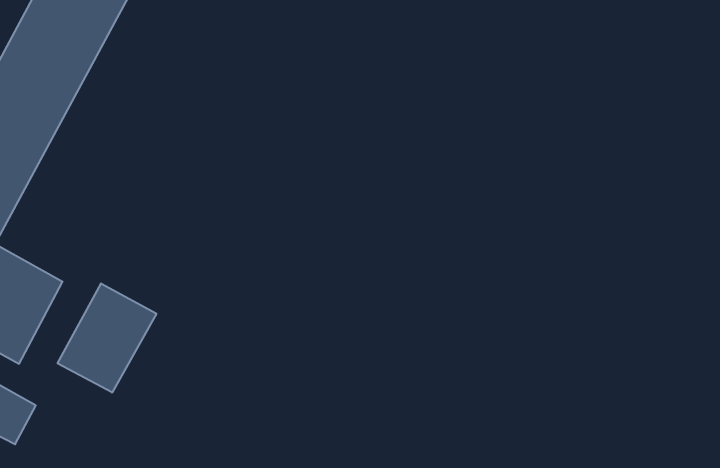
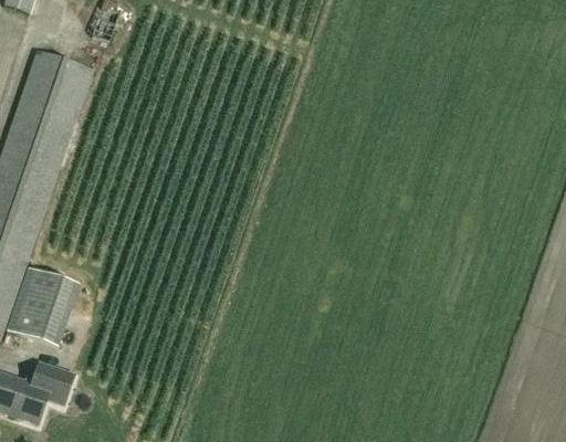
building: [58,283,156,393] -> none

